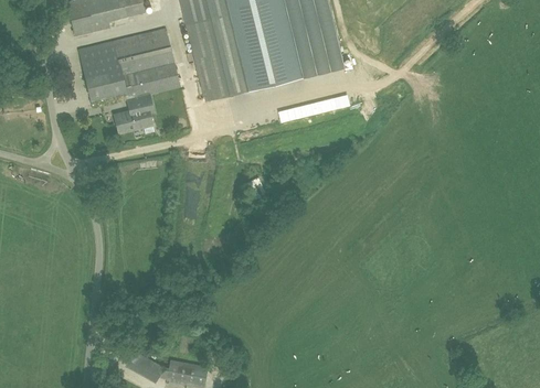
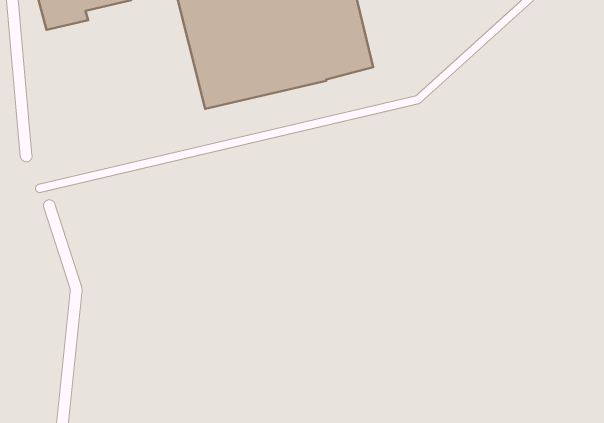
building: [78,29,180,133] -> none

